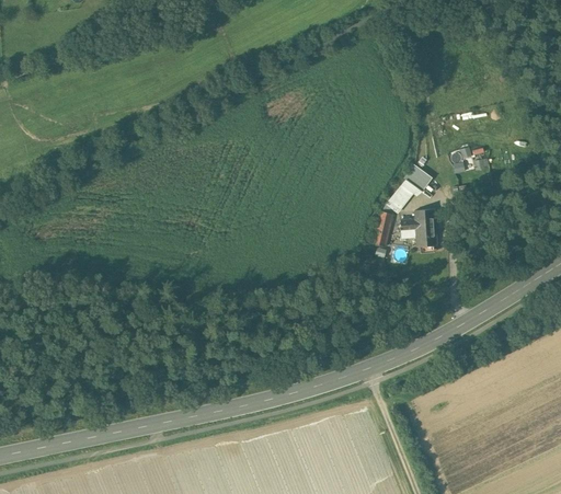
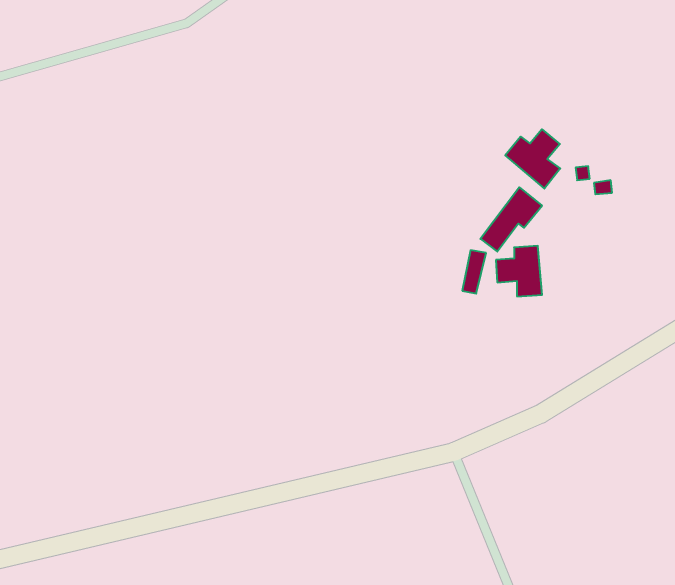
building: none -> [505,129,560,189]

